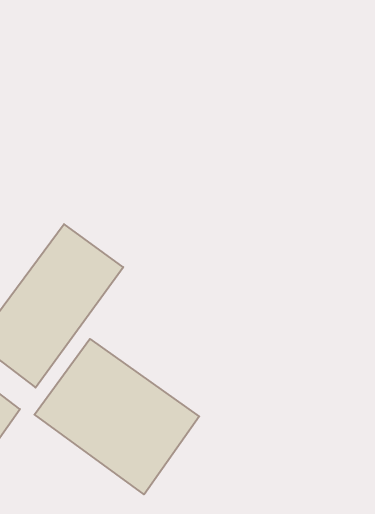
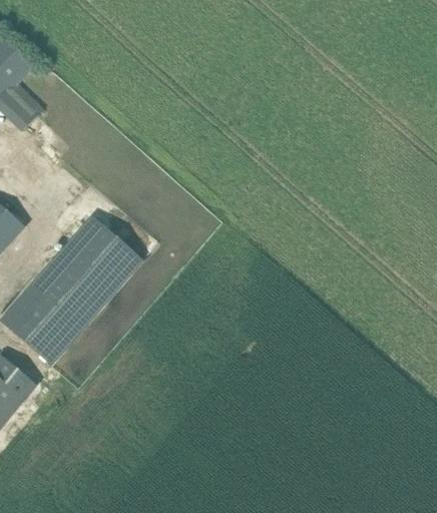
building: [34,339,199,494] -> none

